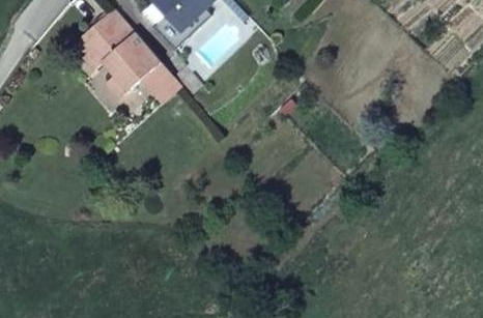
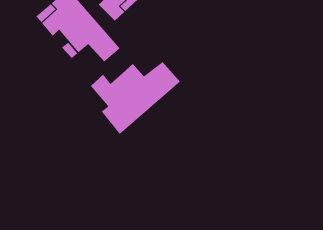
building: none -> [90,61,181,135]

